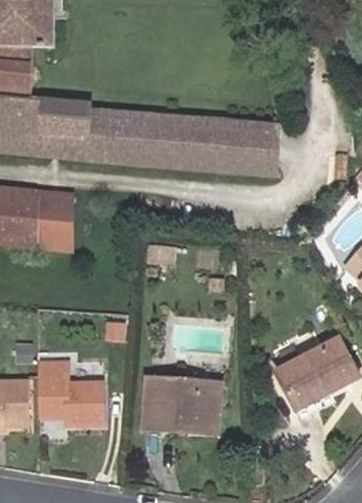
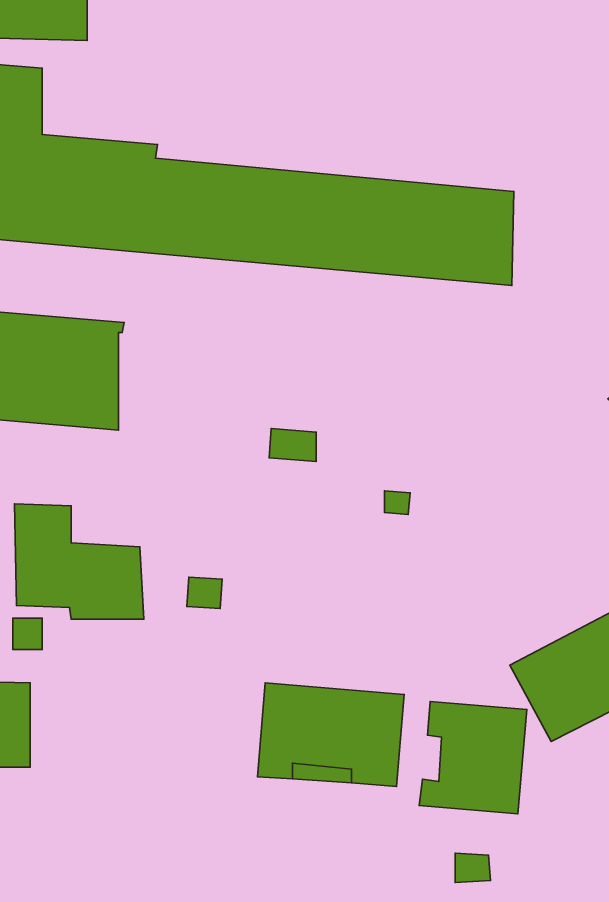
building: [37,361,104,421] -> [15,504,144,619]
building: none -> [419,701,527,814]

